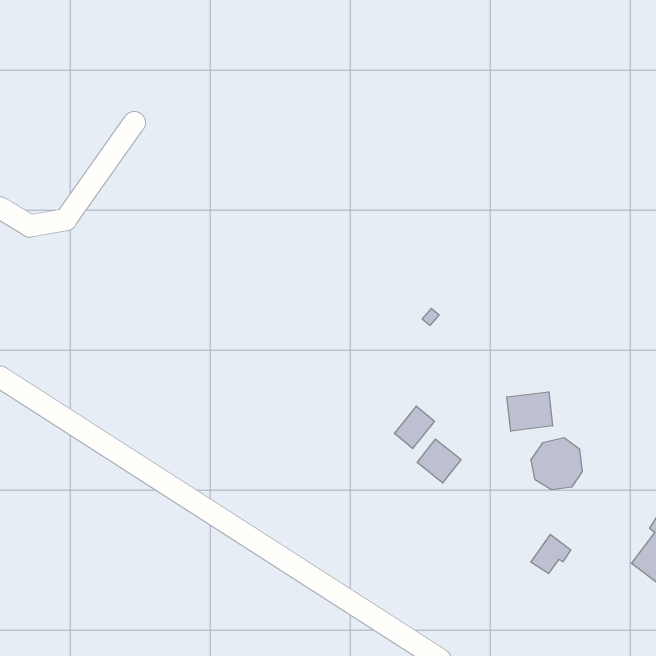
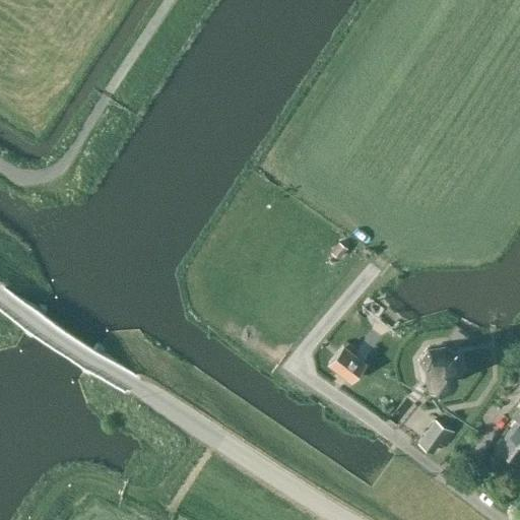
building: [507,392,553,431] -> none
building: [394,406,434,449] -> none

